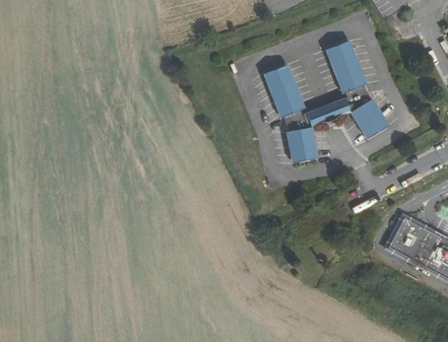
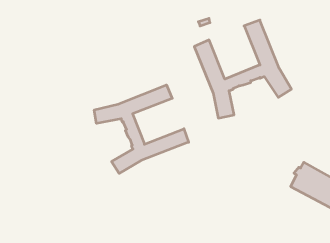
building: none -> [94,85,189,173]

